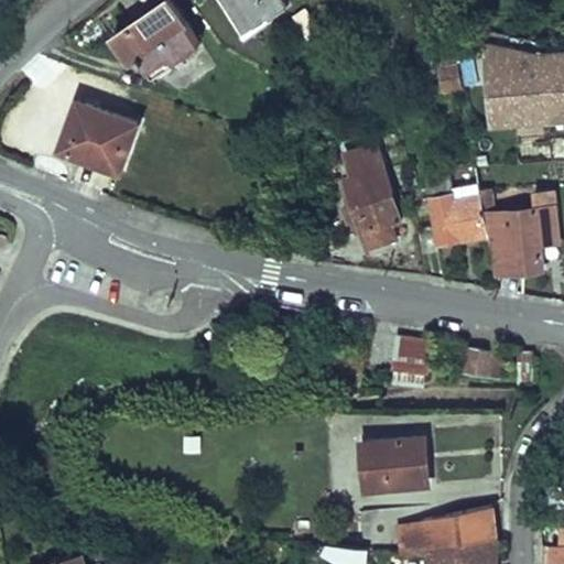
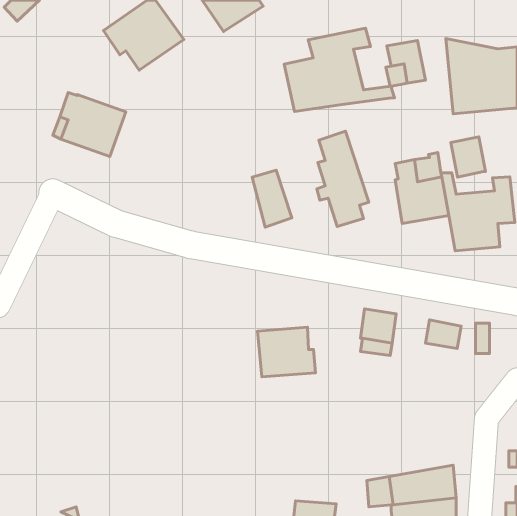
building: none -> [284,28,395,112]
building: none -> [451,137,485,177]
building: none -> [252,170,292,227]
building: [362,437,425,491] -> [258,327,316,377]

